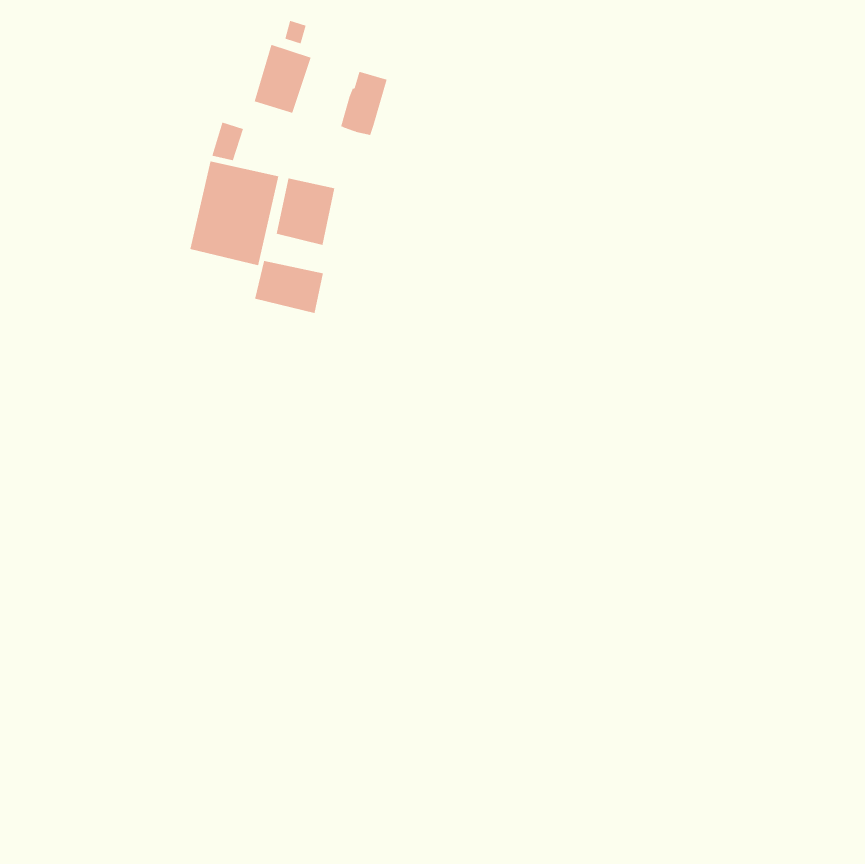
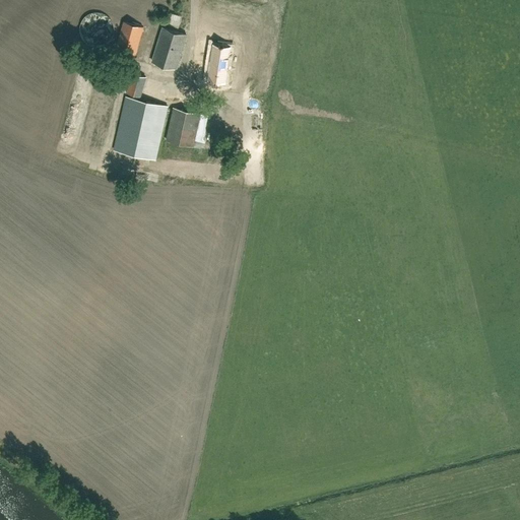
building: none -> [115,22,143,57]
building: [254,260,324,314] -> none

